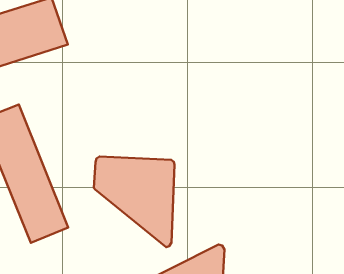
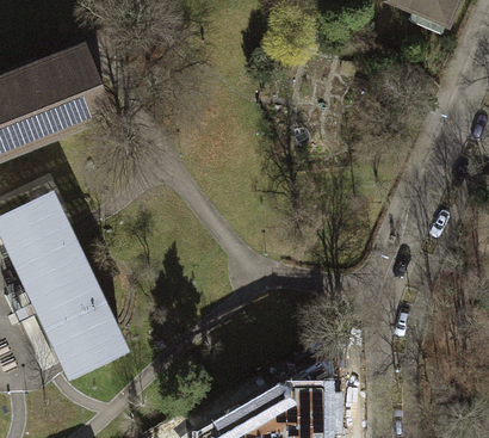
building: [94,157,174,247] -> none

